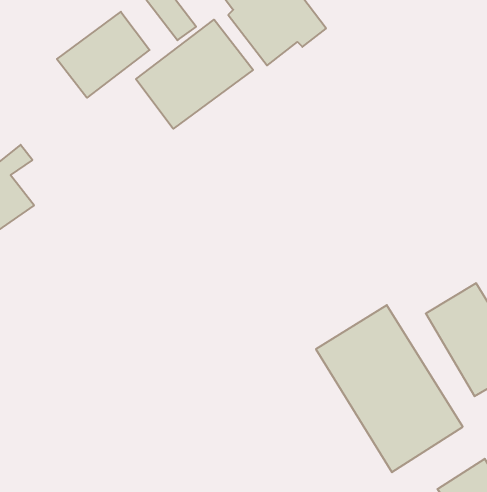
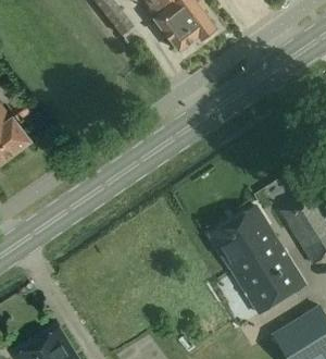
building: [57,12,150,98] -> none
building: [136,20,253,129] -> none

